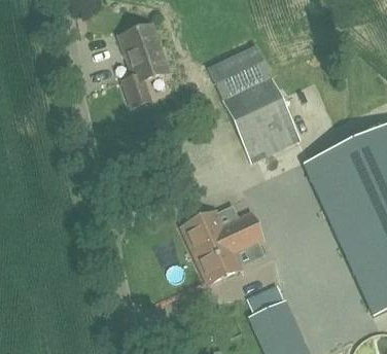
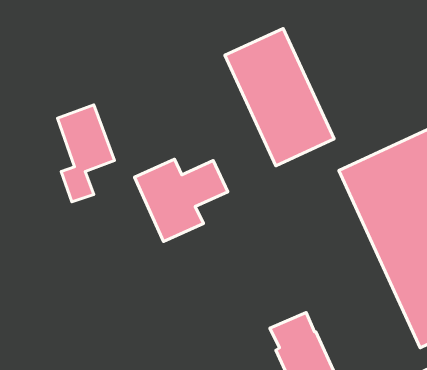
building: [119,24,168,106] -> [57,105,114,202]
building: [182,212,261,282] -> [134,159,228,242]

